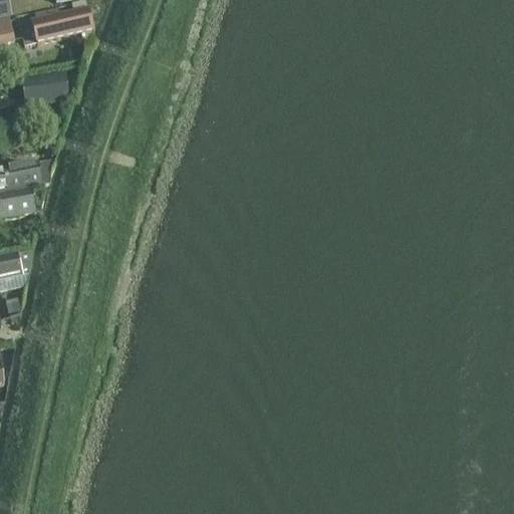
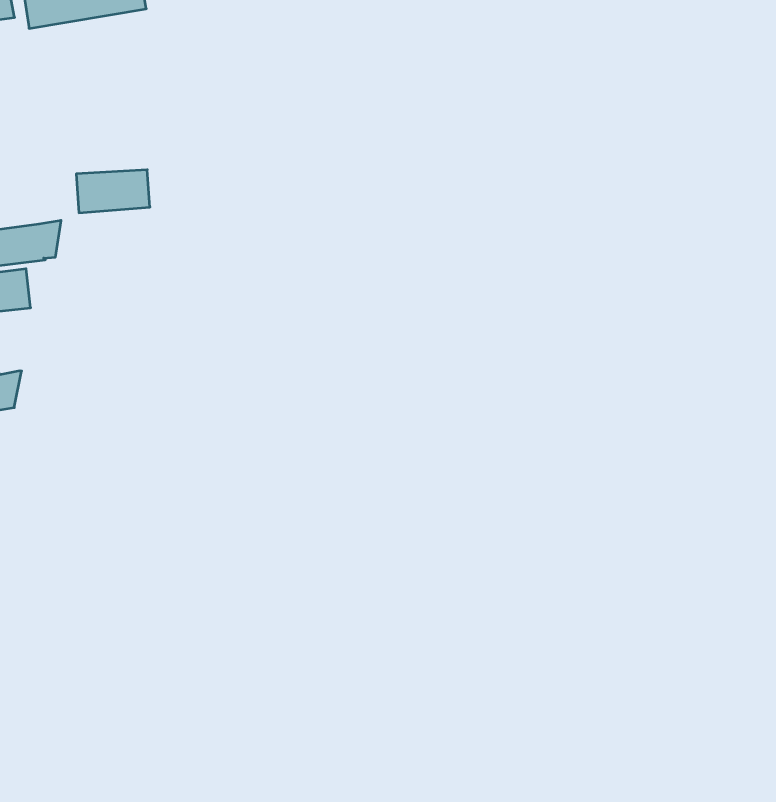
building: [22,72,67,100] -> [76,170,150,213]

